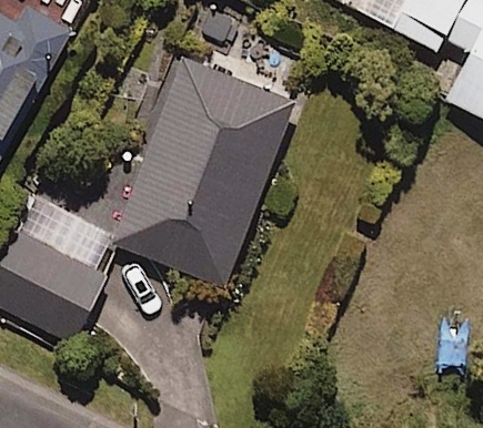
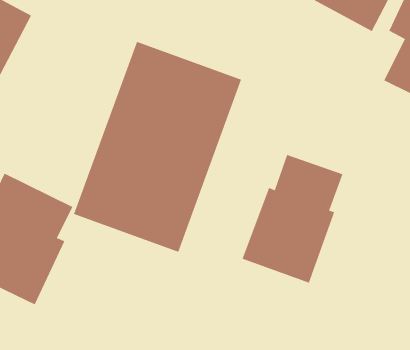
building: none -> [242,154,343,284]

